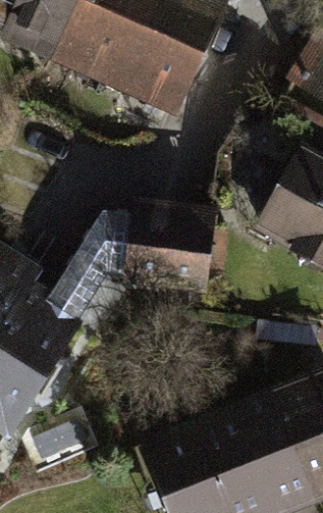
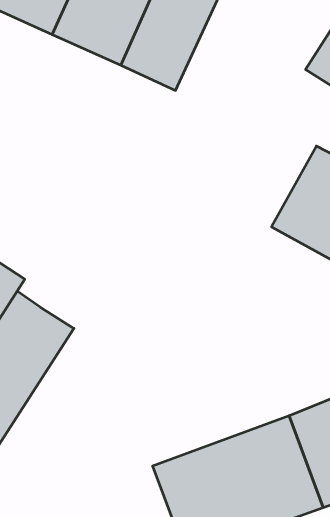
building: [48,218,207,327] -> none

